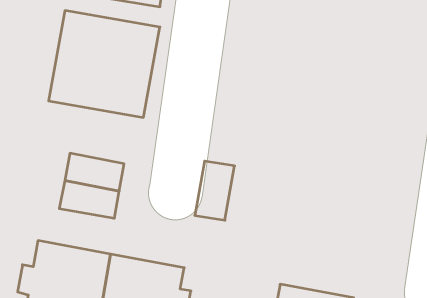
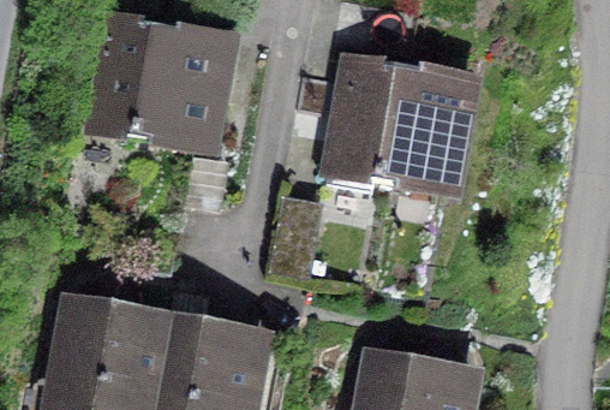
building: none -> [330,60,474,194]

